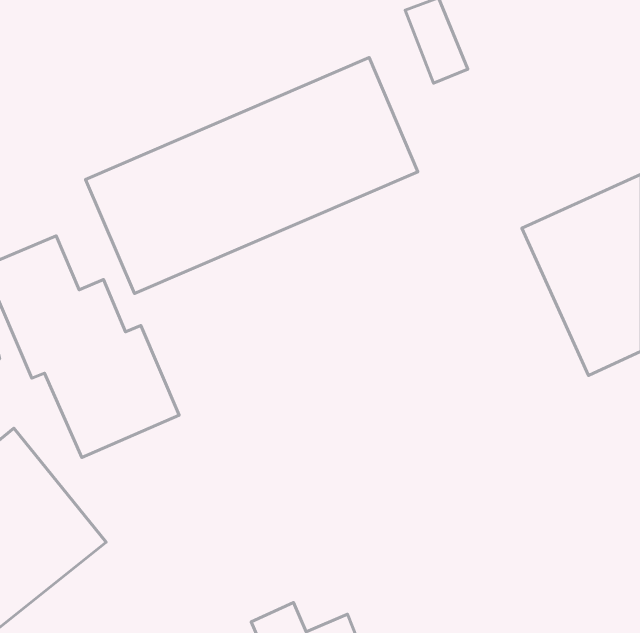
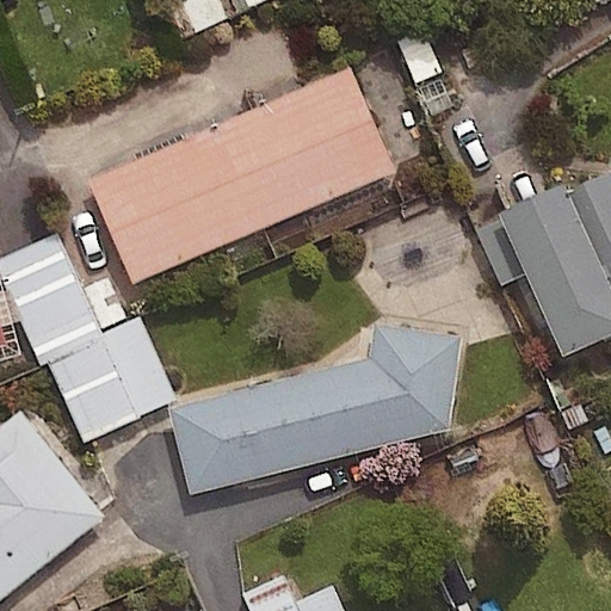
building: none -> [169,323,462,493]

